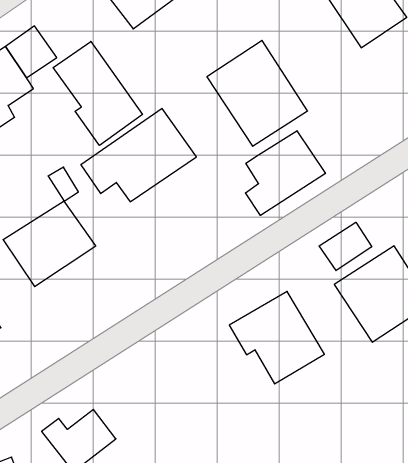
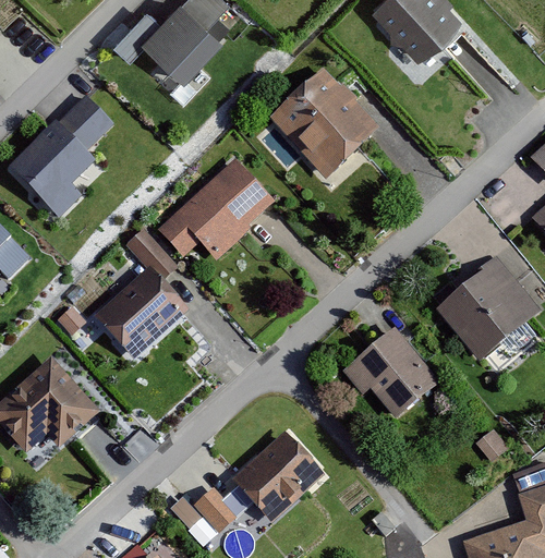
building: [53,41,142,145] -> none
building: [245,131,325,215] -> none
building: [319,222,372,271] -> none
building: none -> [231,436,317,520]

